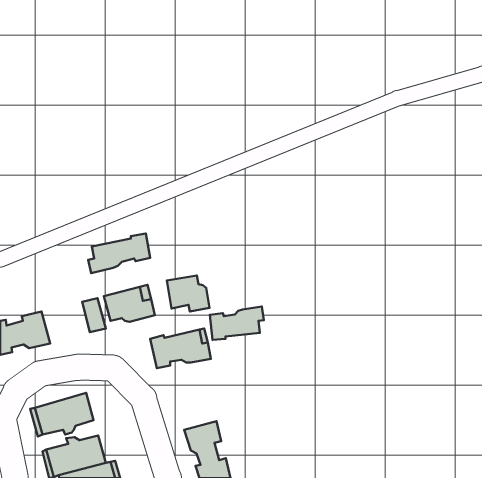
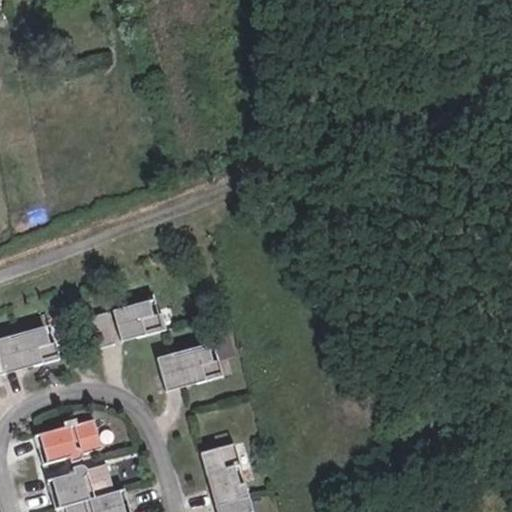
building: [88,233,150,273] -> none
building: [167,275,209,311] -> none
building: [210,307,264,340] -> none

